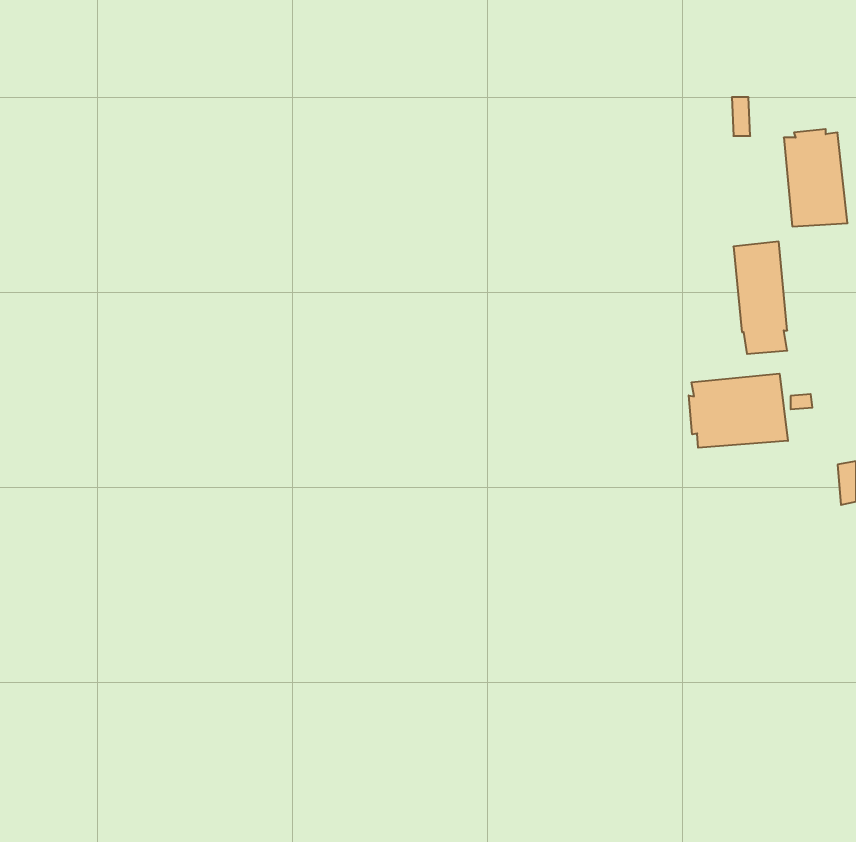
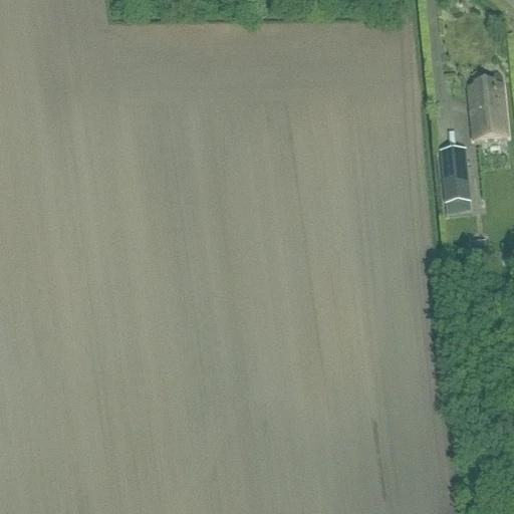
building: [689,374,788,448] -> none

